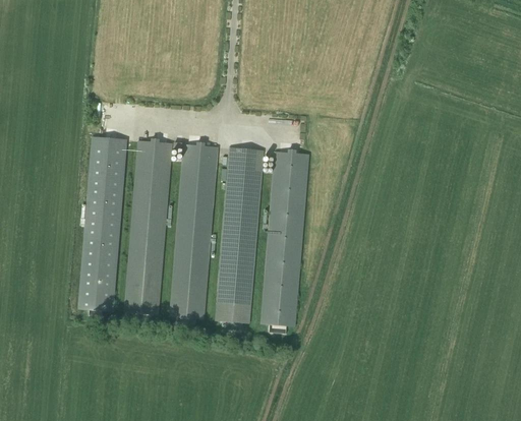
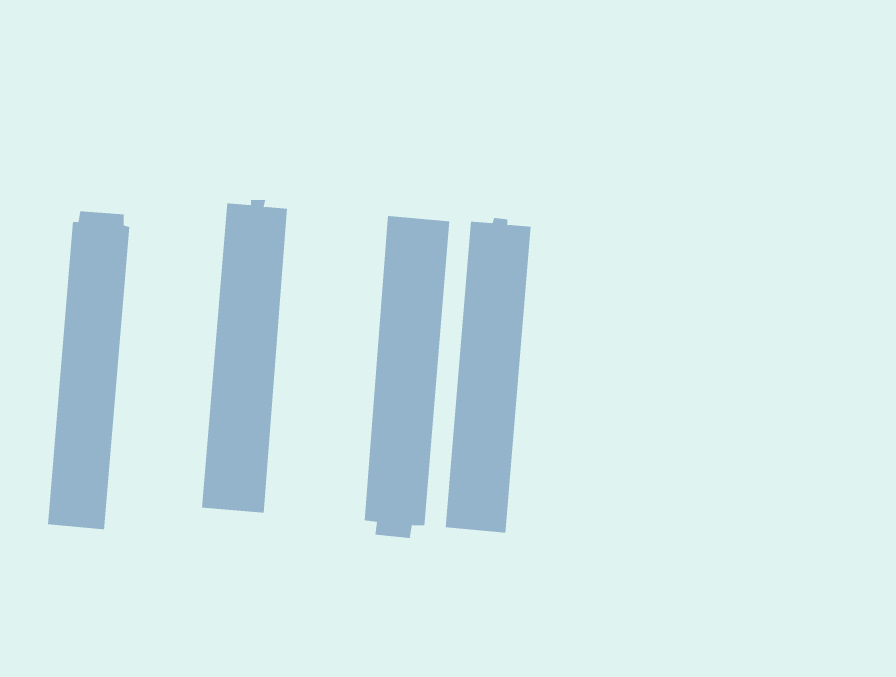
building: [80,130,127,310] -> [47,211,130,530]
building: [169,140,218,317] -> none

